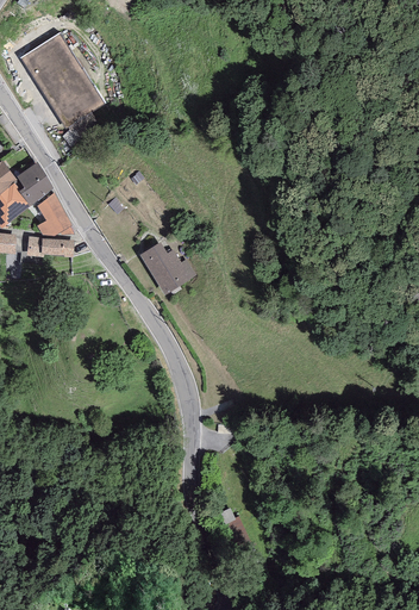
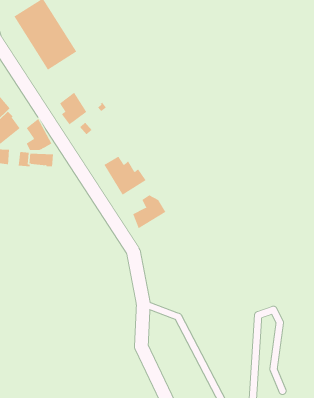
building: [17,161,54,205] -> [59,92,87,125]
building: none -> [133,195,166,229]

